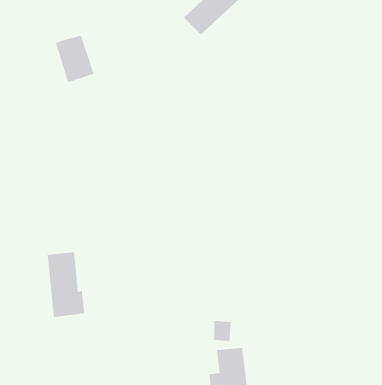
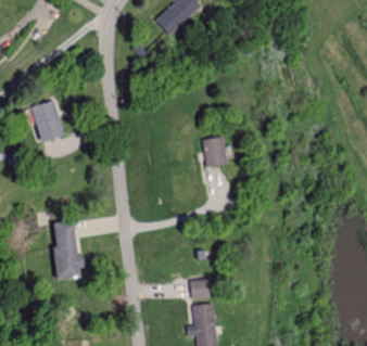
building: [55,35,94,83] -> [39,102,73,143]
building: none -> [201,137,223,165]

